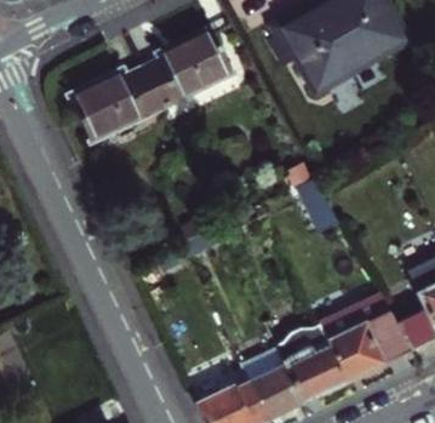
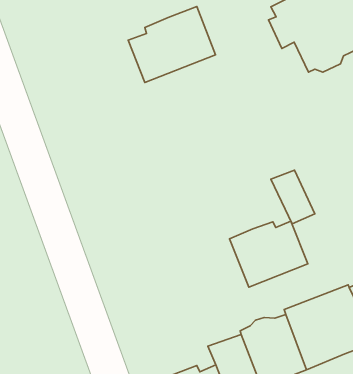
building: [70,67,162,142] -> none
building: none -> [229,221,308,287]

